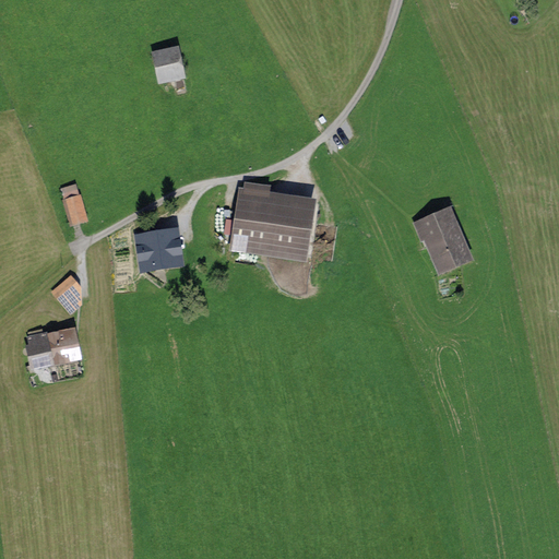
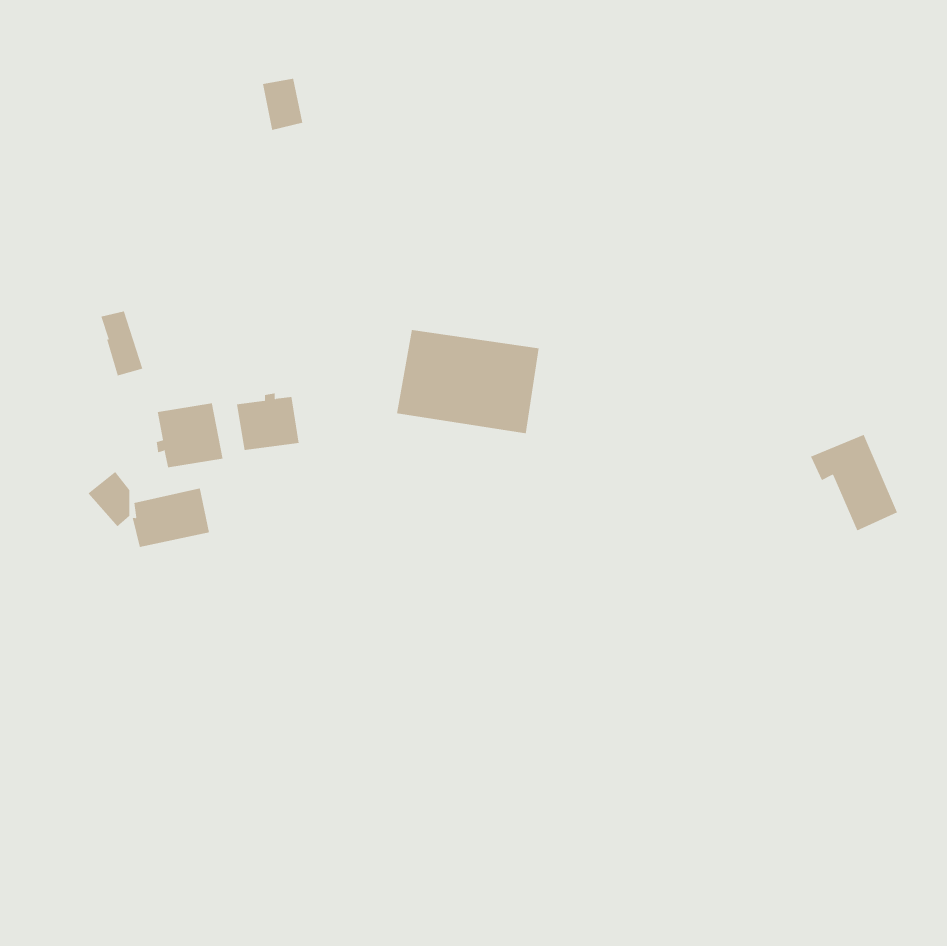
building: [413,210,464,266] -> [810,434,898,531]
building: none -> [156,403,223,468]
building: [27,328,73,362] -> [132,488,210,547]

